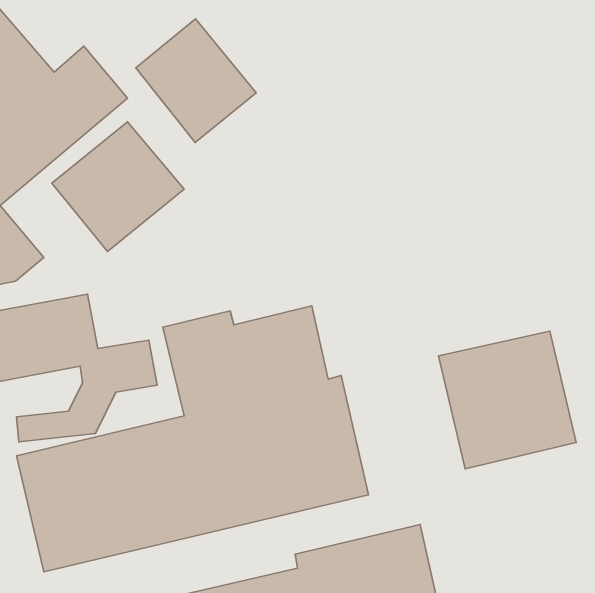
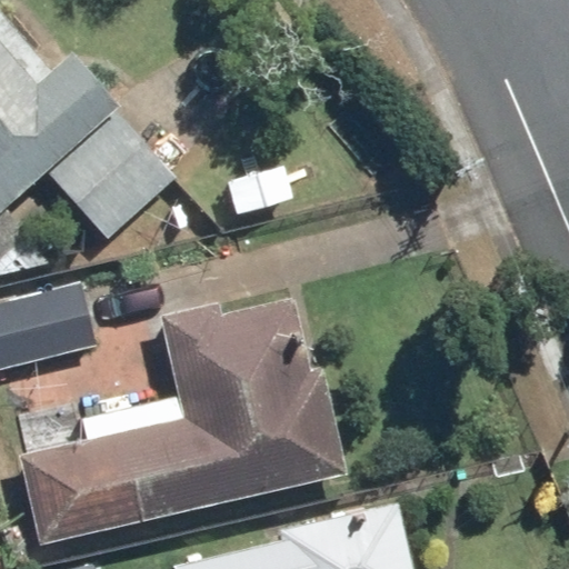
building: [136,19,256,143] -> none
building: [439,331,576,469] -> none

